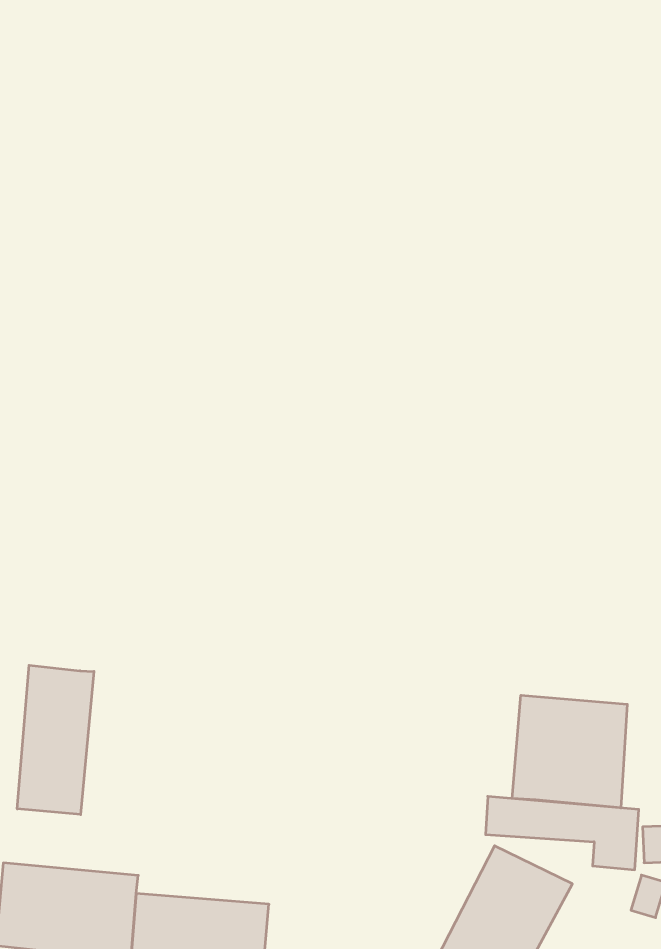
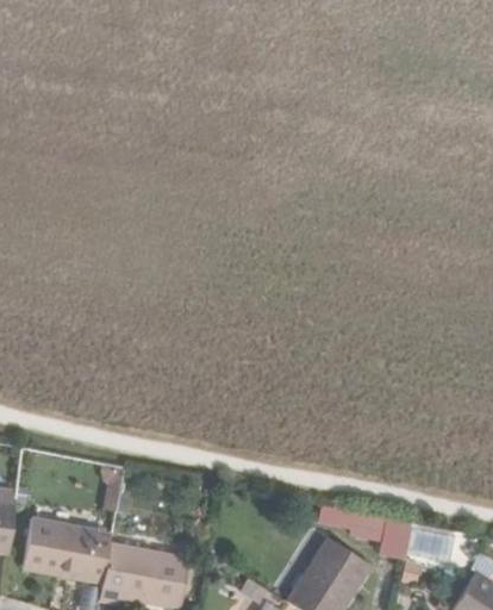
building: [17,665,94,815] -> none
building: [512,695,627,808] -> none

